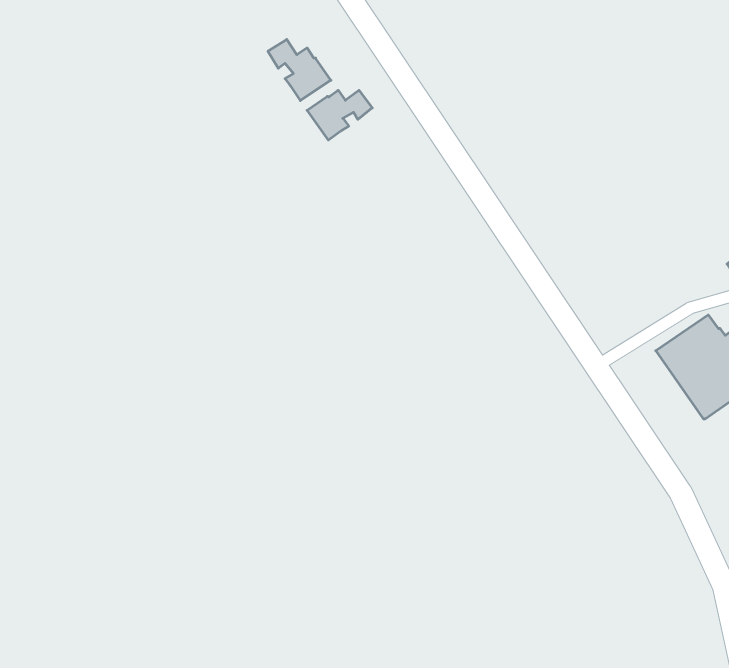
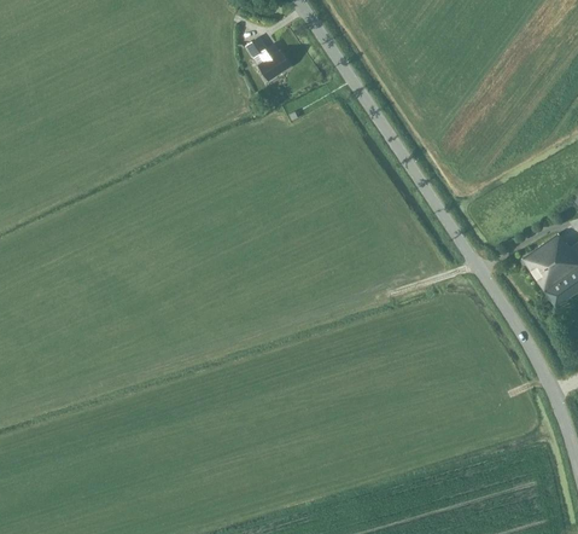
building: [307,90,372,140] -> none

